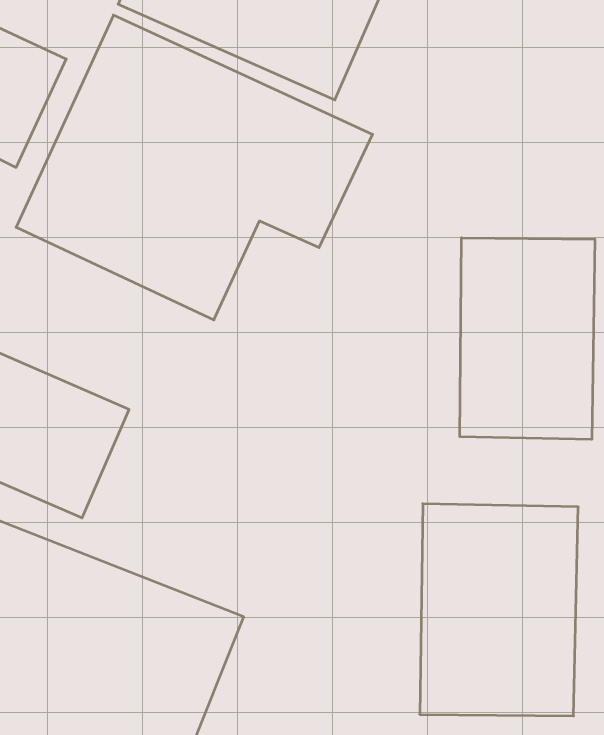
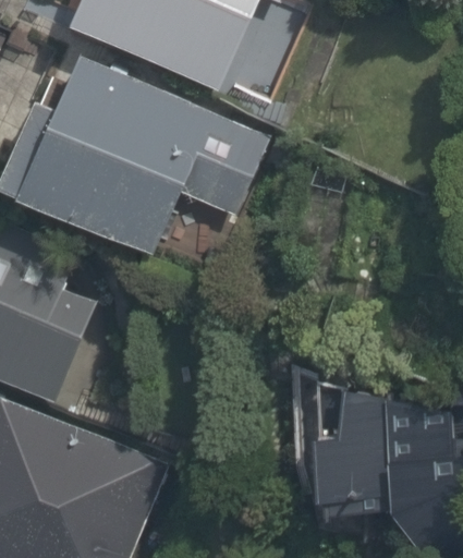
building: [460,238,595,439] -> none

